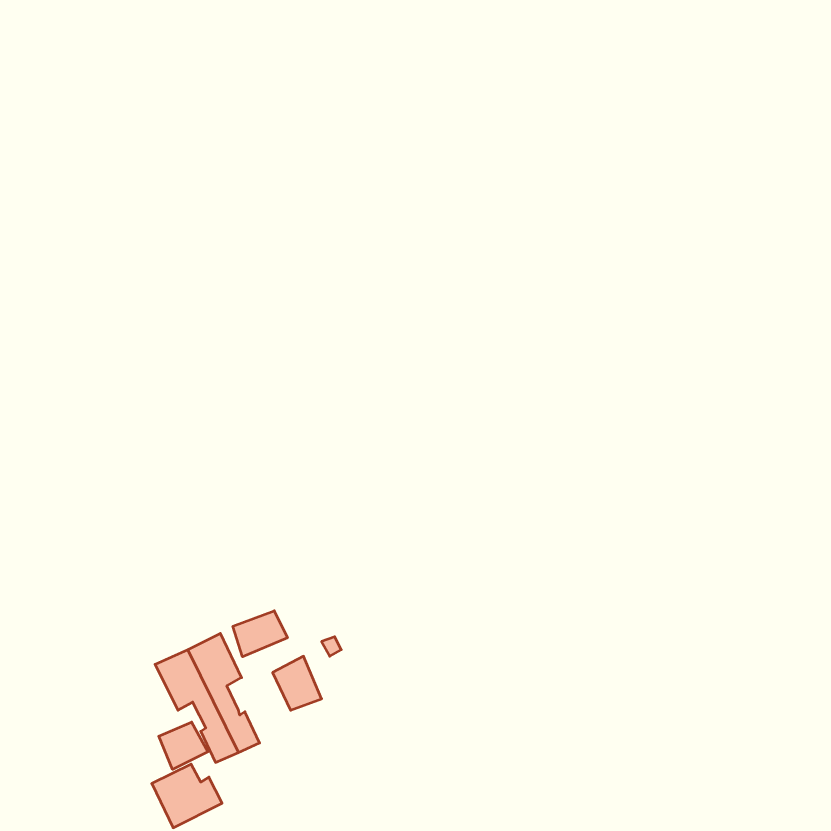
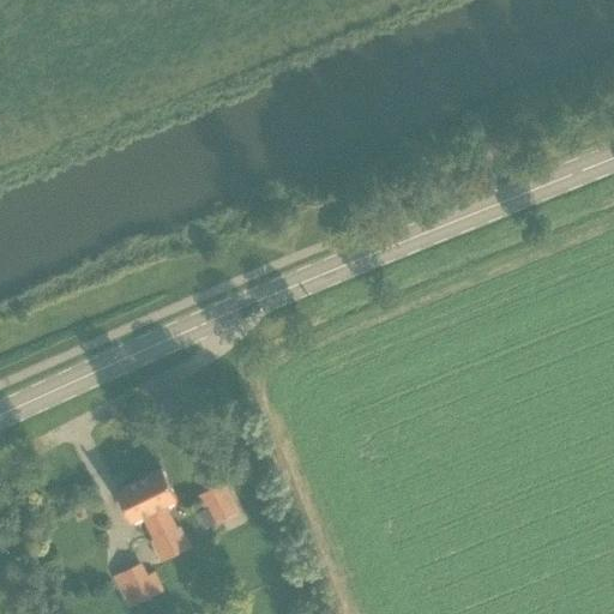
building: [233,611,287,657] -> none
building: [159,722,208,769] -> none

